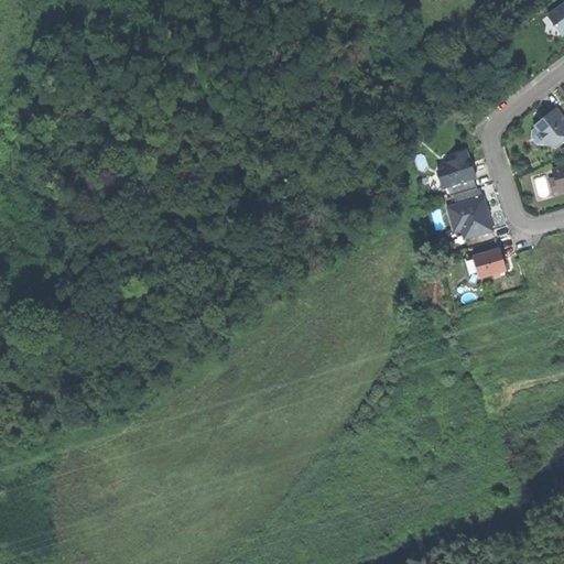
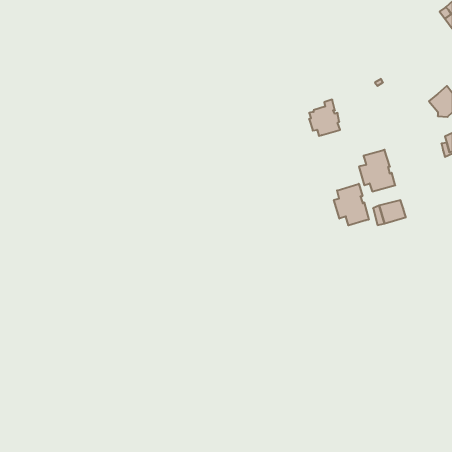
building: [437,150,476,195] -> [309,100,340,136]
building: none -> [334,184,369,225]

